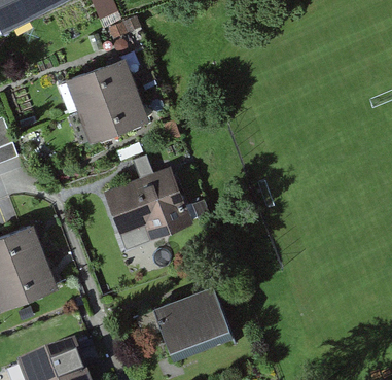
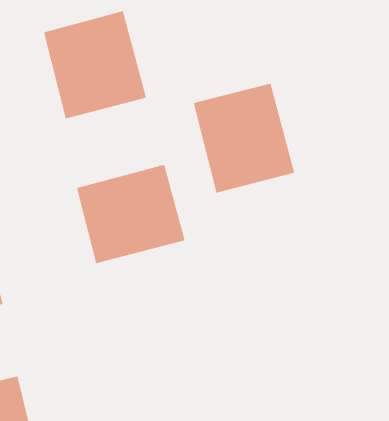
building: none -> [193,83,295,194]
building: [152,282,234,360] -> none

